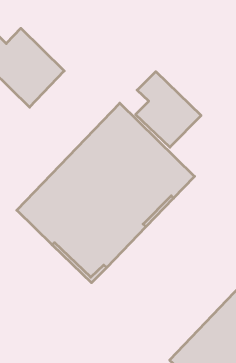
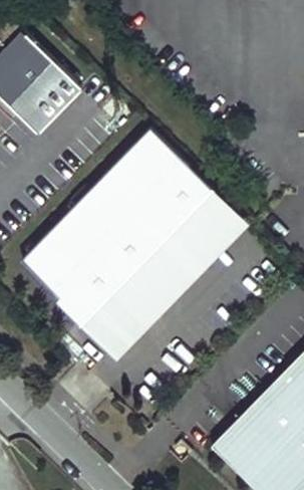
building: [136,72,201,147] -> none

